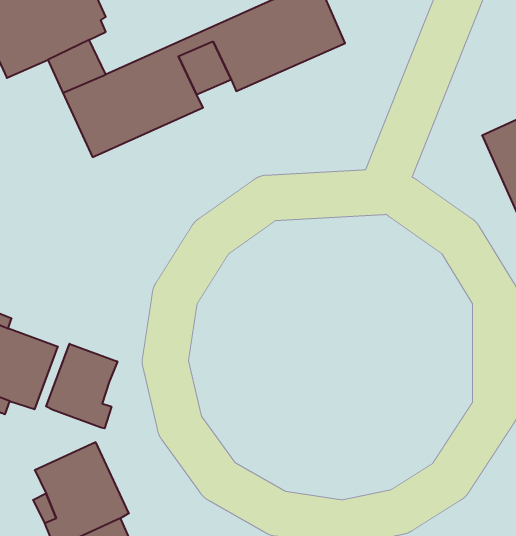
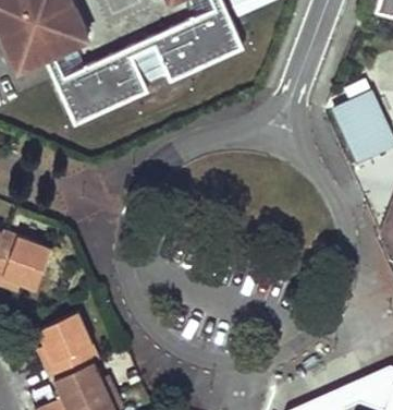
building: [46,344,117,428] -> none

